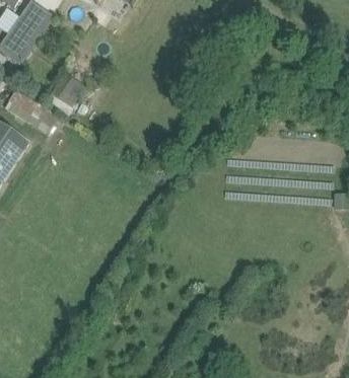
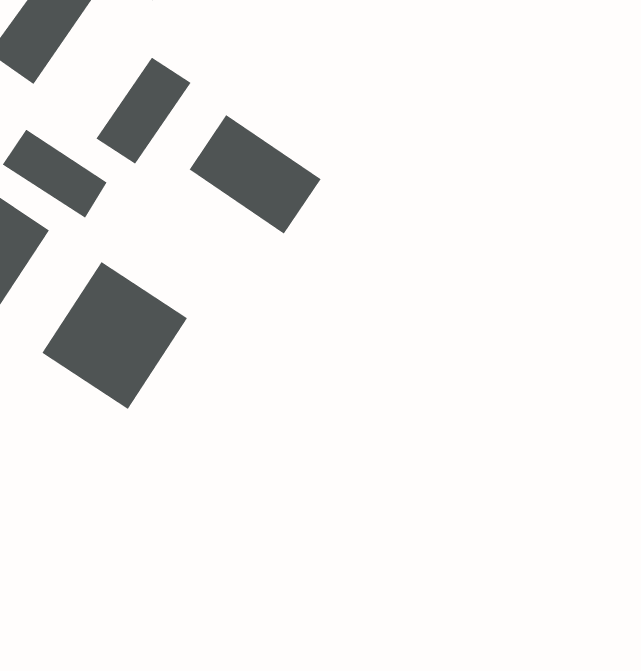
building: none -> [189,114,321,235]
building: none -> [42,261,188,410]

